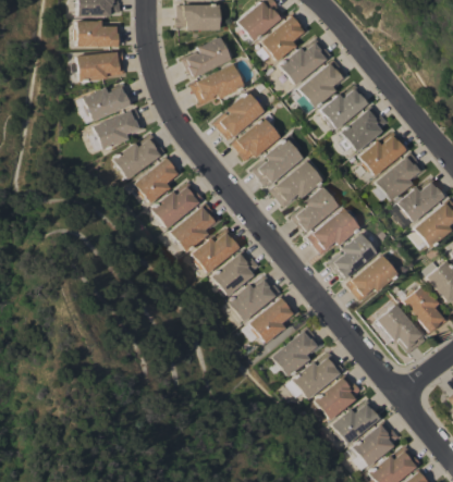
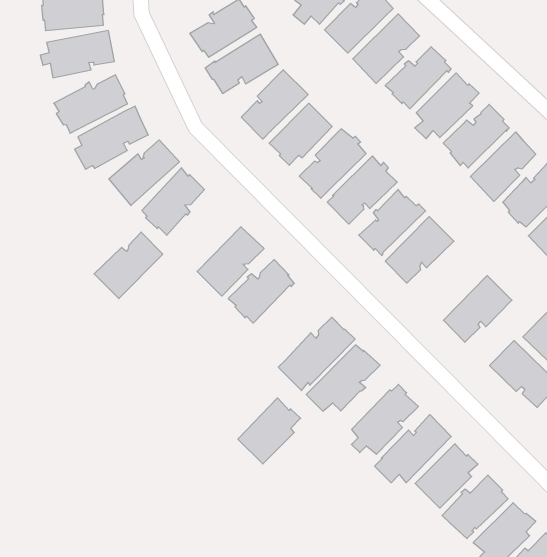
building: [151,182,203,228] -> [94,232,163,299]
building: [329,233,376,280] -> none
building: [212,249,259,296] -> [238,398,301,464]

